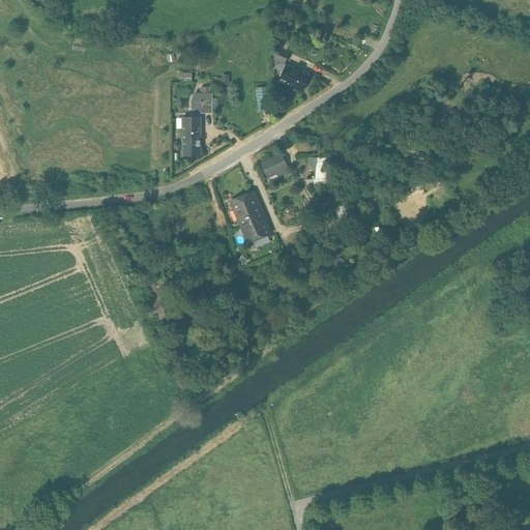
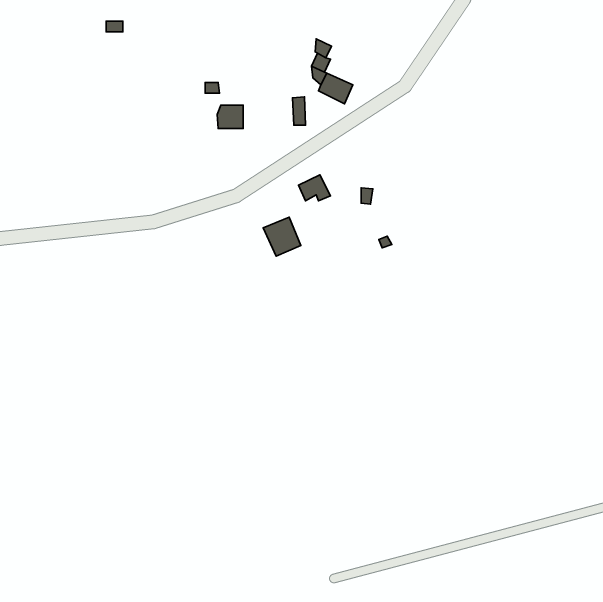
building: [183,117,201,154] -> none
building: [242,215,271,241] -> none

